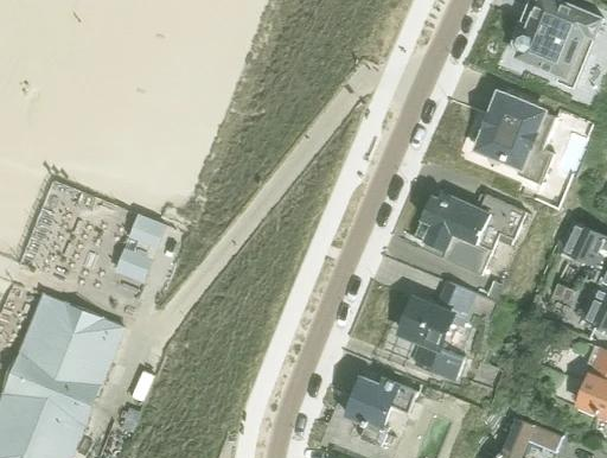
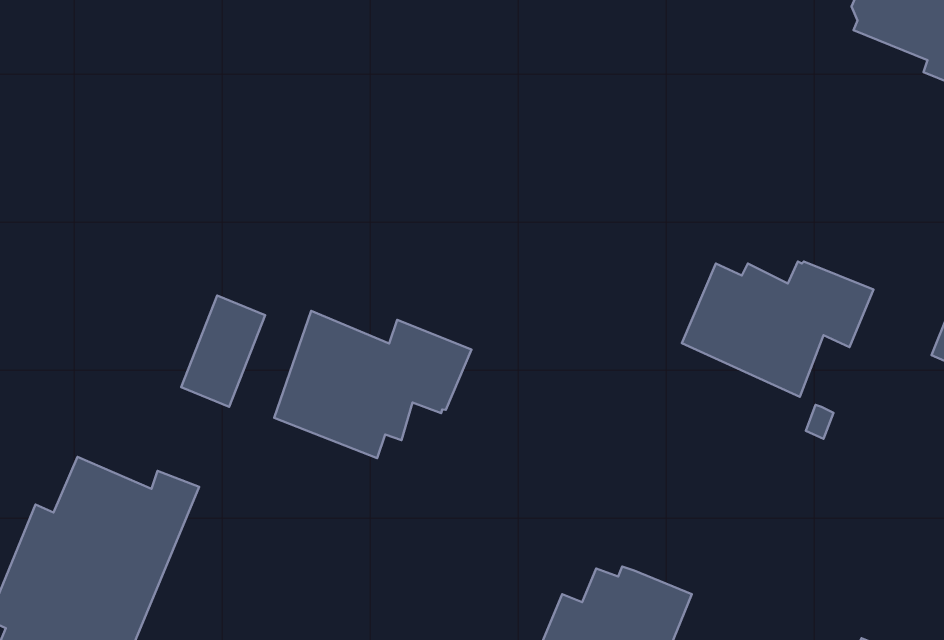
building: [472,88,556,186] -> none
building: none -> [274,311,472,458]
building: [400,282,474,380] -> none

